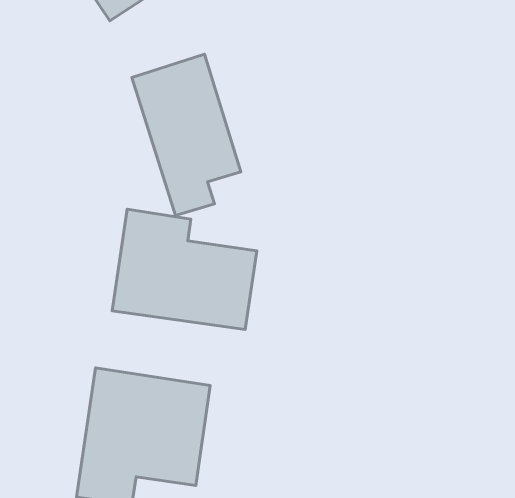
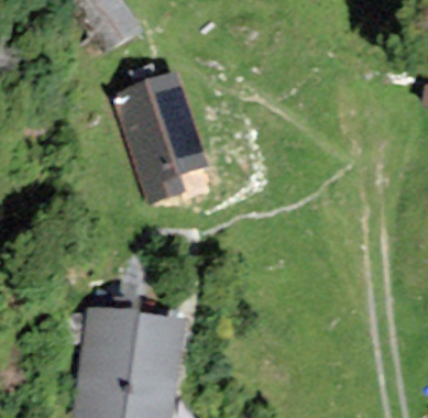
building: [112,209,257,330] -> none

